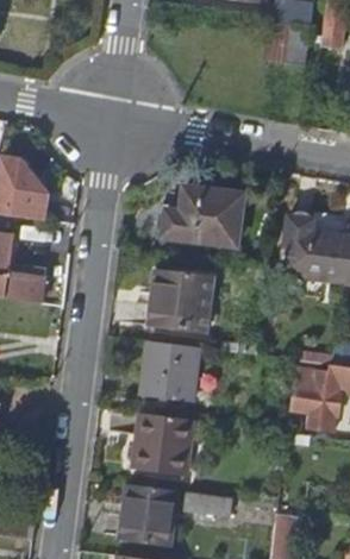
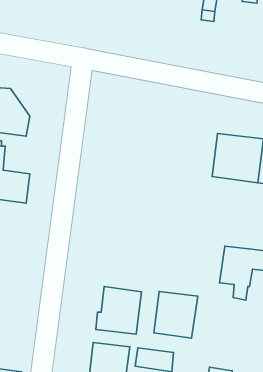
building: [161,188,239,245] -> none
building: [151,268,211,332] -> none
building: [142,341,199,402] -> [154,292,198,338]

